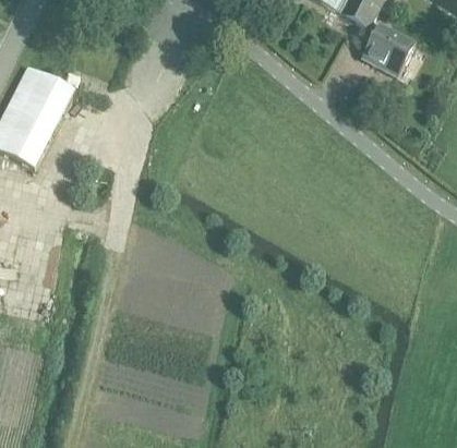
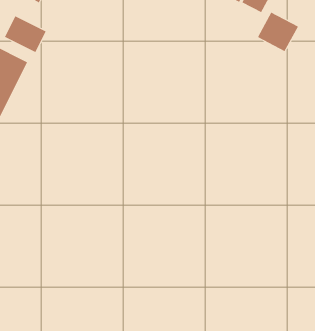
building: none -> [4,16,47,53]

